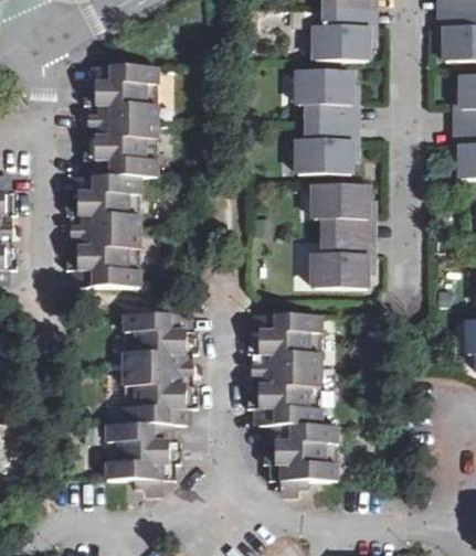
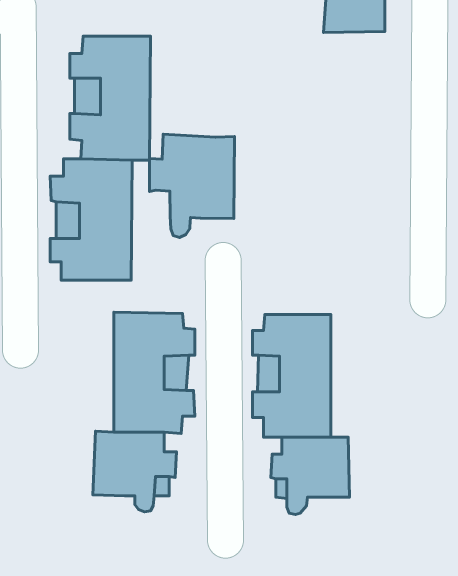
building: [298,68,351,172] -> none
building: none -> [149,134,235,237]
building: [314,183,369,286] -> none

